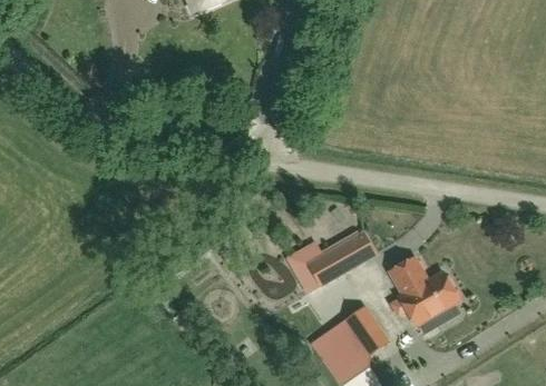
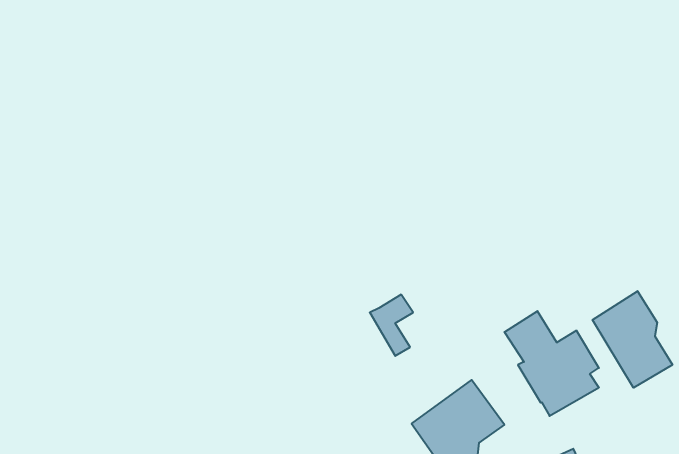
building: [305,232,371,285] -> none
building: none -> [593,291,672,388]

